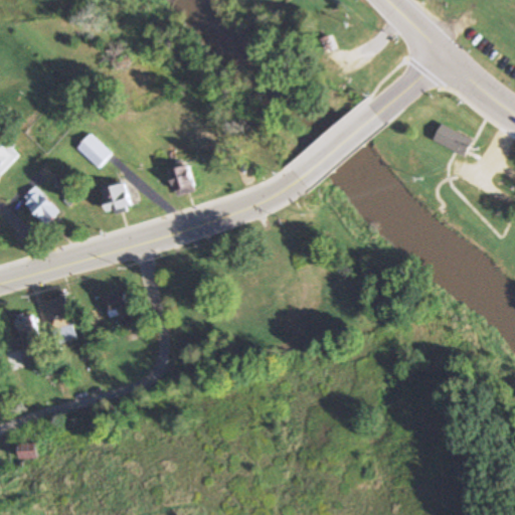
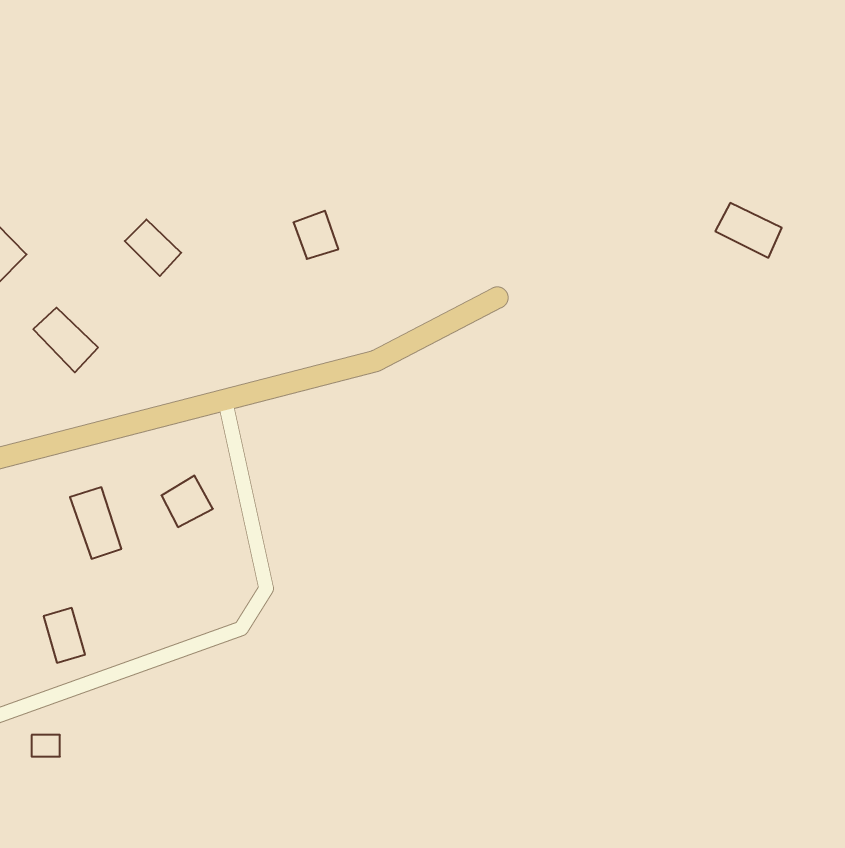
building: [167,164,194,193] -> [293,211,338,259]
building: [99,181,130,212] -> none
building: [13,313,38,346] -> [44,608,85,663]

